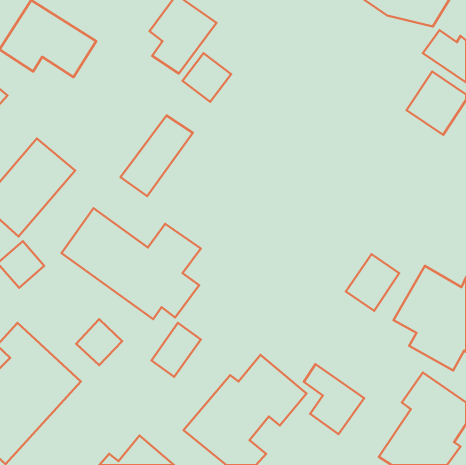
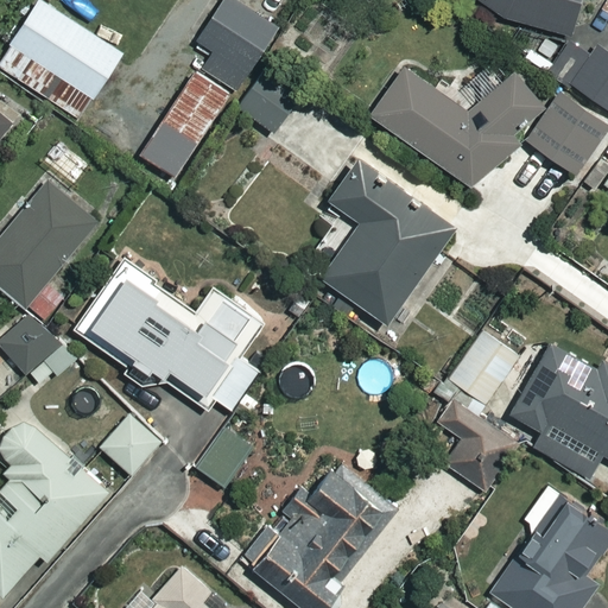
building: none -> [370,69,542,191]
building: [120,116,193,196] -> [138,72,232,177]
building: none -> [322,162,454,324]
building: [304,364,364,434] -> [436,398,514,488]

